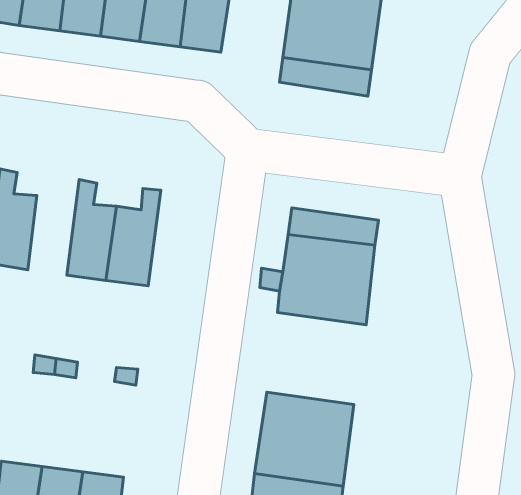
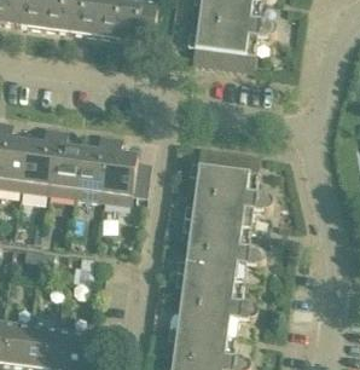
building: none -> [21,128,56,195]
building: none -> [103,137,150,206]
building: none -> [184,220,251,283]

